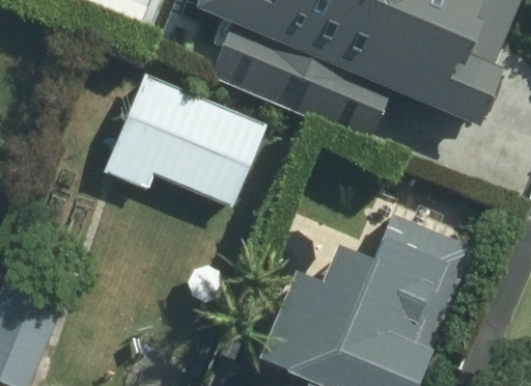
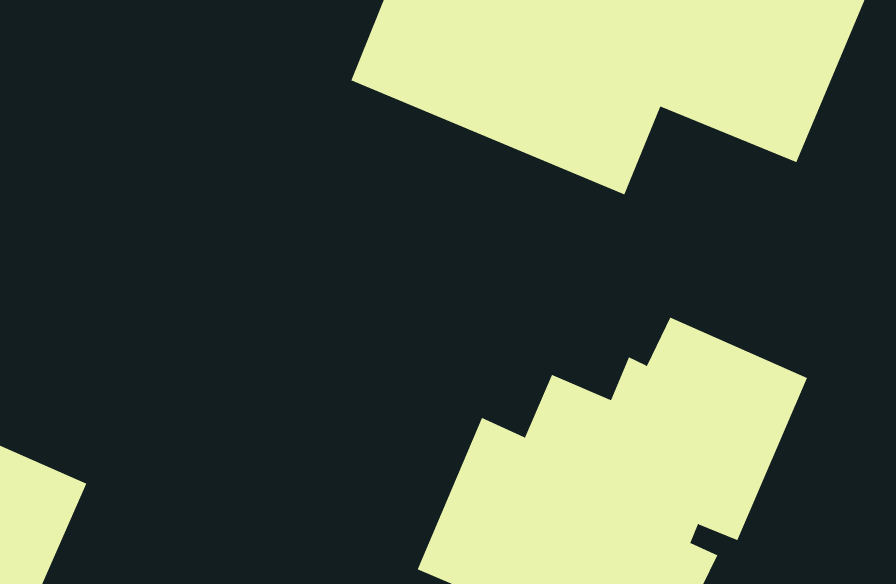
building: [105,74,267,208] -> none

